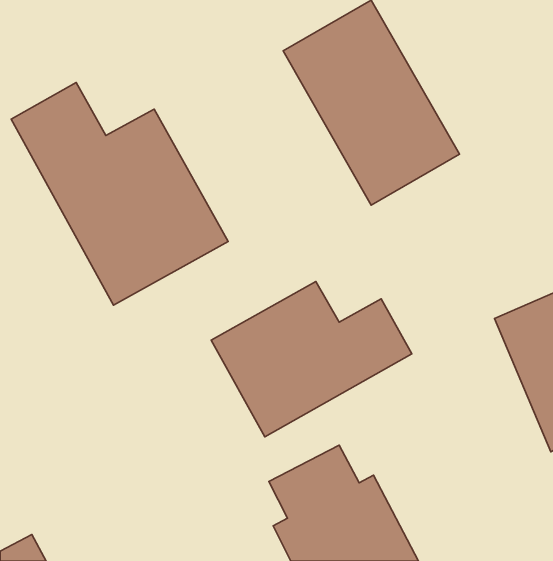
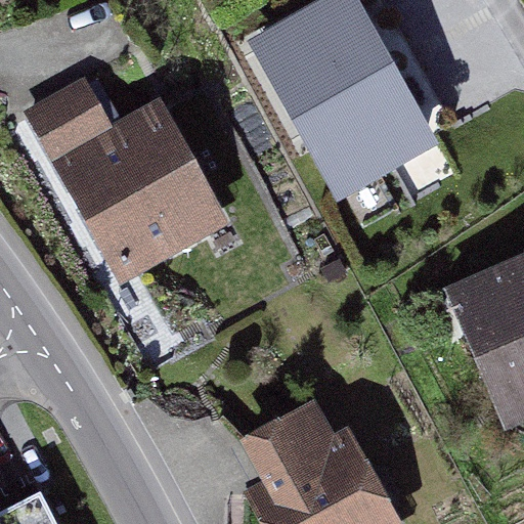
building: [211,282,412,437] -> none

